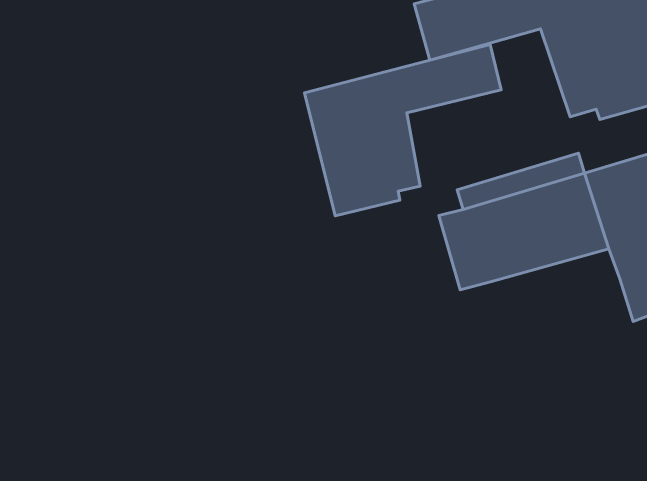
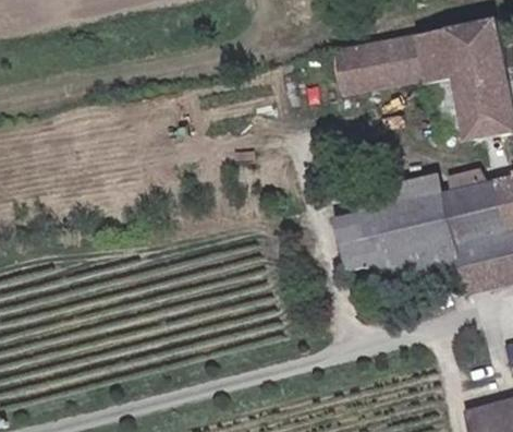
building: [304,44,501,216] -> none
building: none -> [380,237,472,277]

